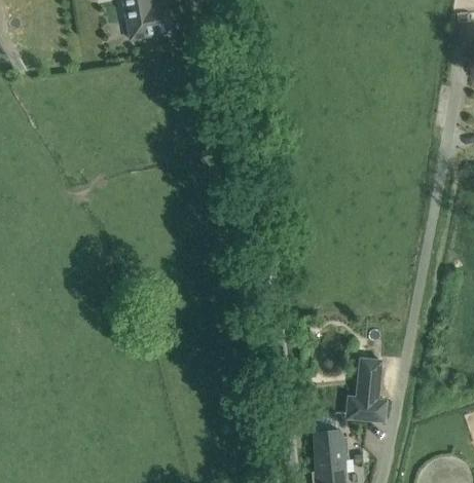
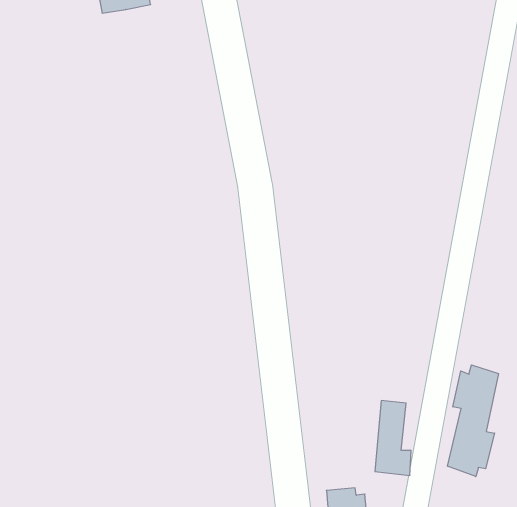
building: none -> [448,365,499,477]

